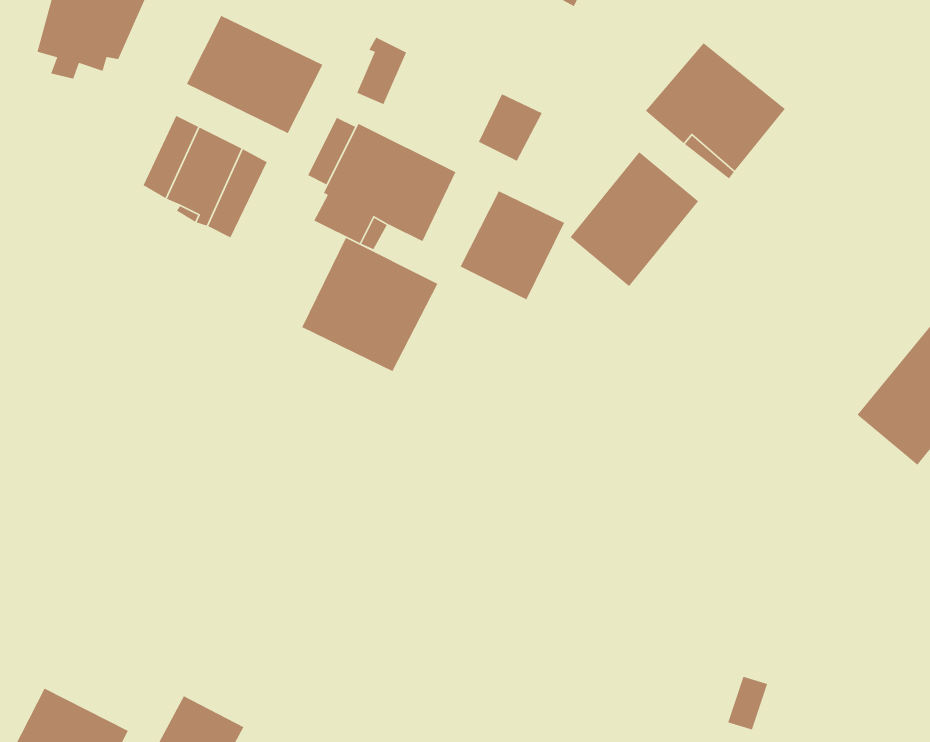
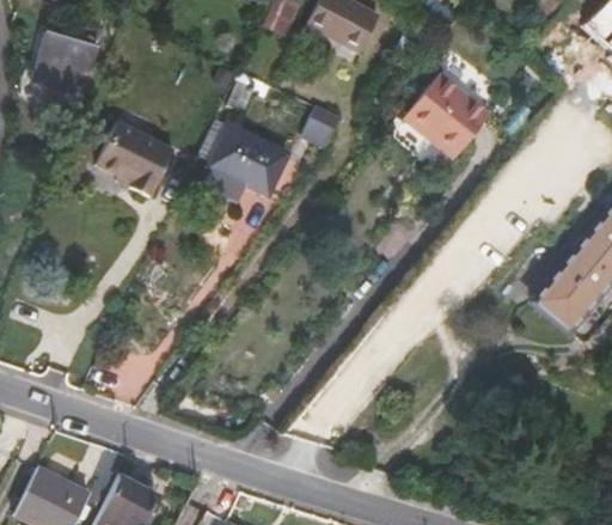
building: [186,15,323,134] -> none
building: [569,151,699,287] -> none
building: [459,190,565,301] -> none
building: [301,237,439,372] -> none

